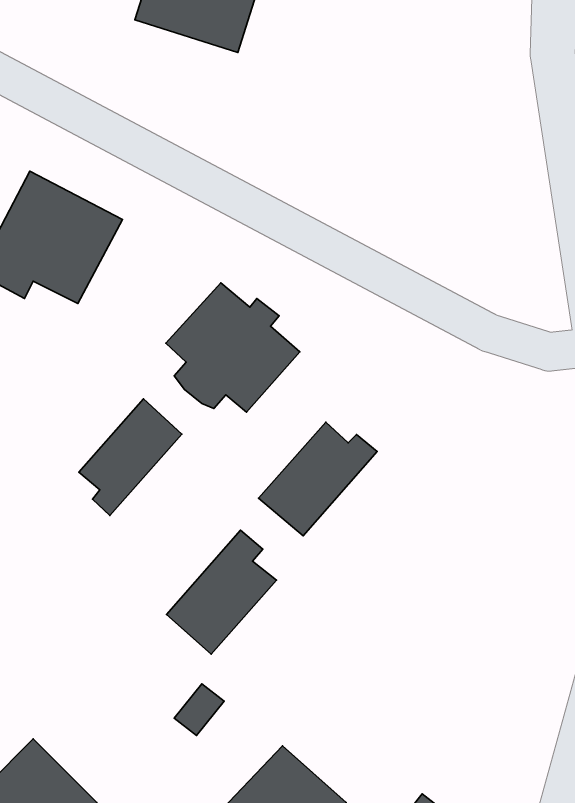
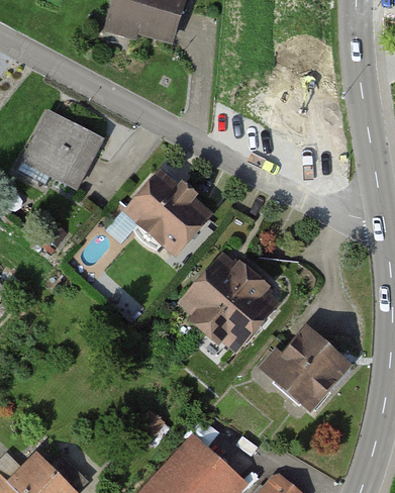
building: [79,399,182,515] -> none
building: [167,530,277,654] -> [208,276,273,349]
building: none -> [270,332,344,407]

